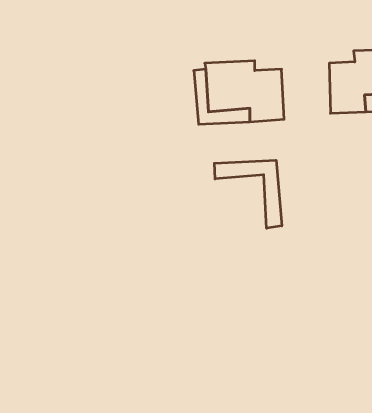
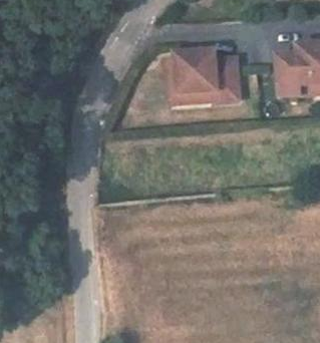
building: [214,160,282,228] -> none

